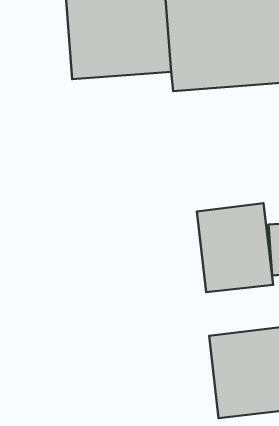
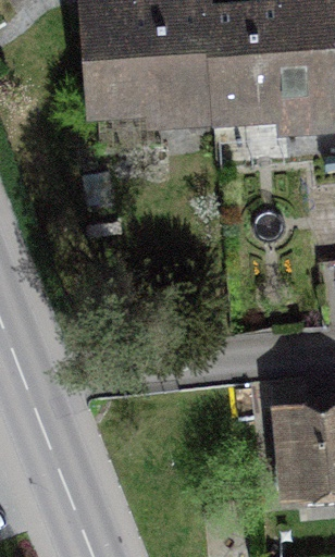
building: [197,203,273,292] -> none

